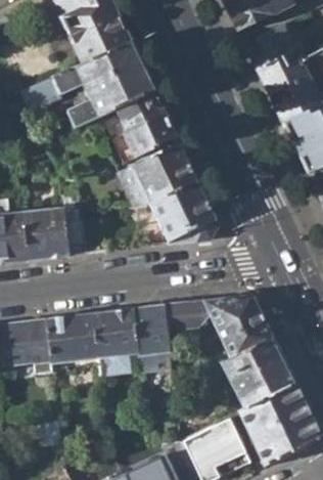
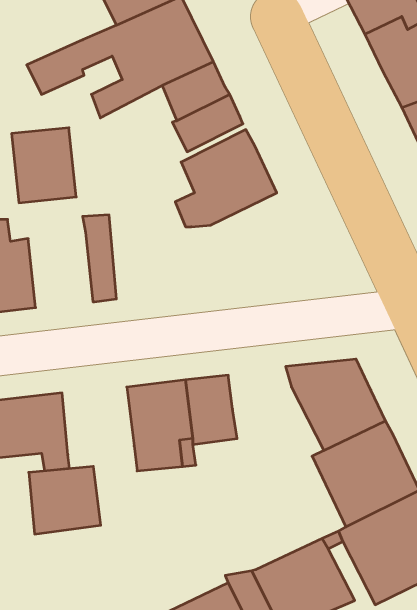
building: [150,178,219,242] -> none
building: [24,206,68,258] -> [12,128,76,203]
building: [163,299,206,329] -> none
building: [47,313,97,360] -> [29,466,101,534]

